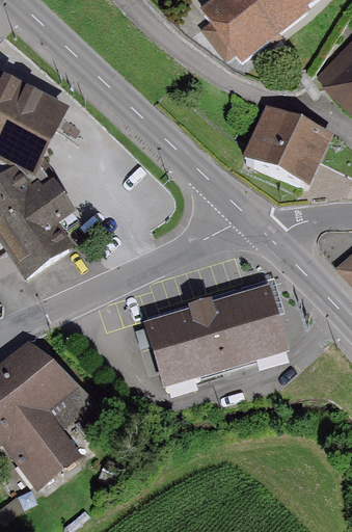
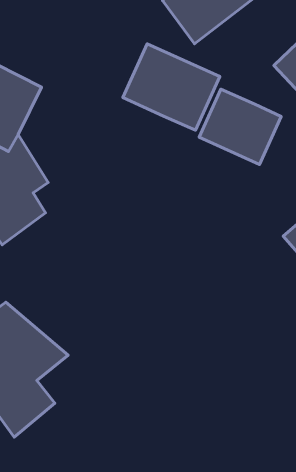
building: none -> [123,44,220,130]
building: [144,285,287,384] -> none

